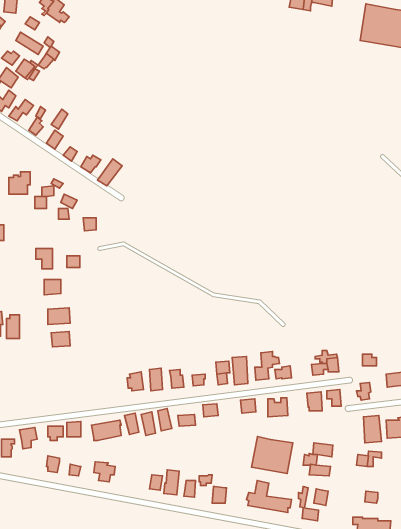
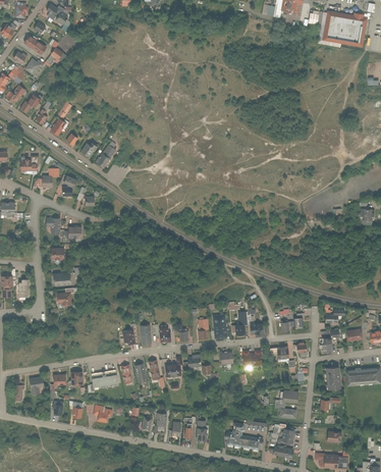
building: [252,436,293,474] -> none

